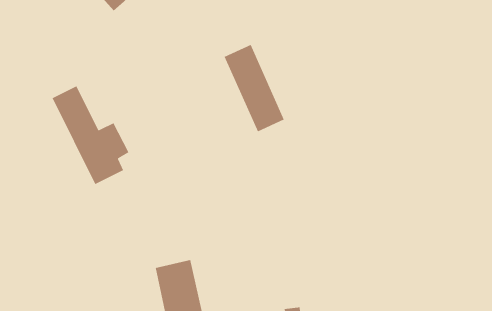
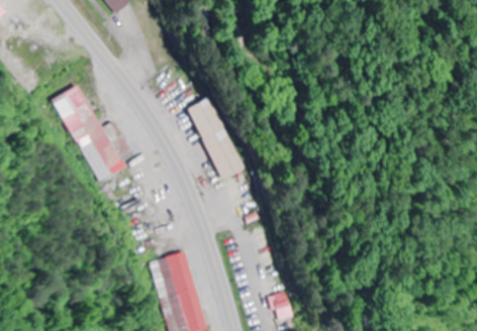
building: [224,44,285,132] -> [187,96,246,181]

